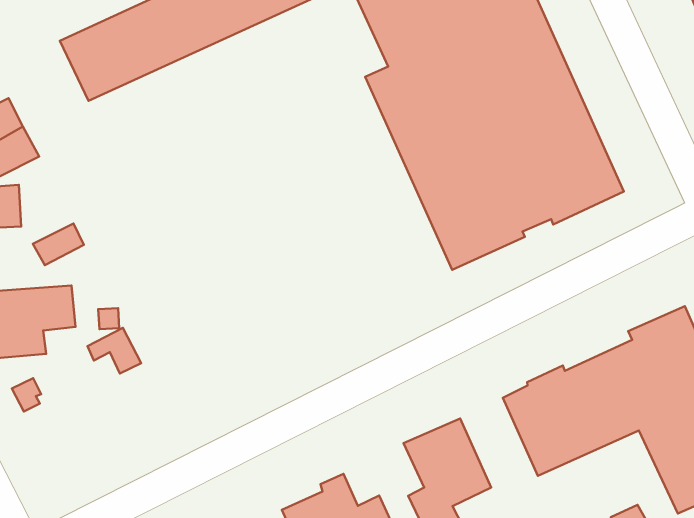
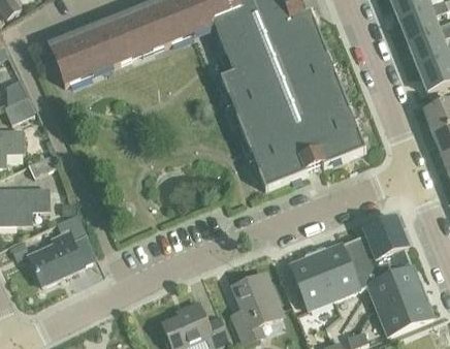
building: none -> [28,231,82,285]

